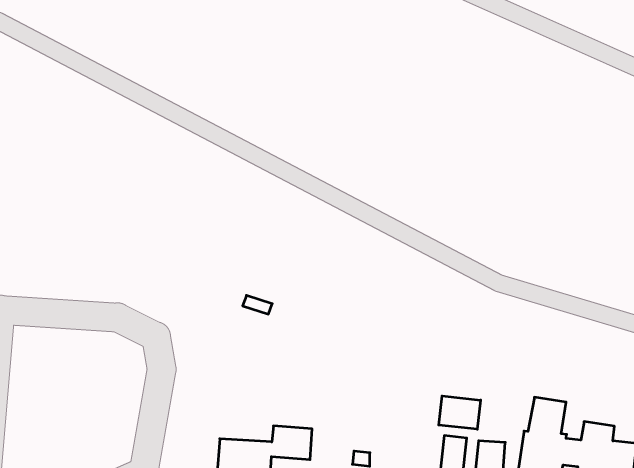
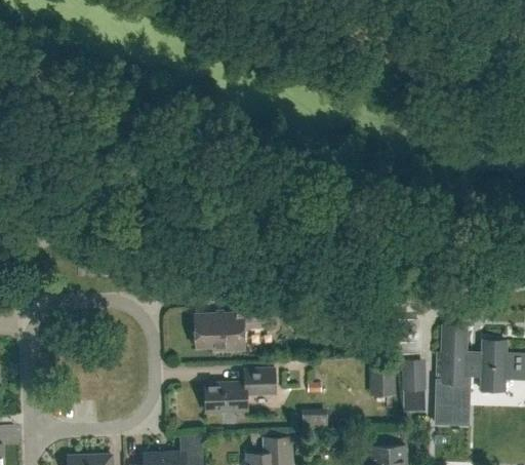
building: none -> [194,295,265,351]
building: [439,396,481,429] -> none

